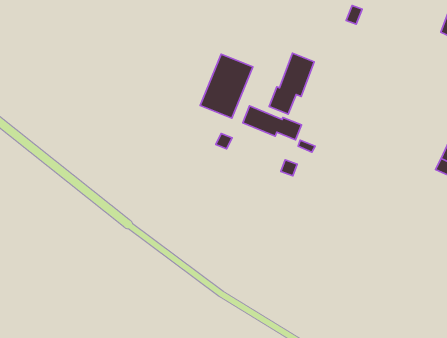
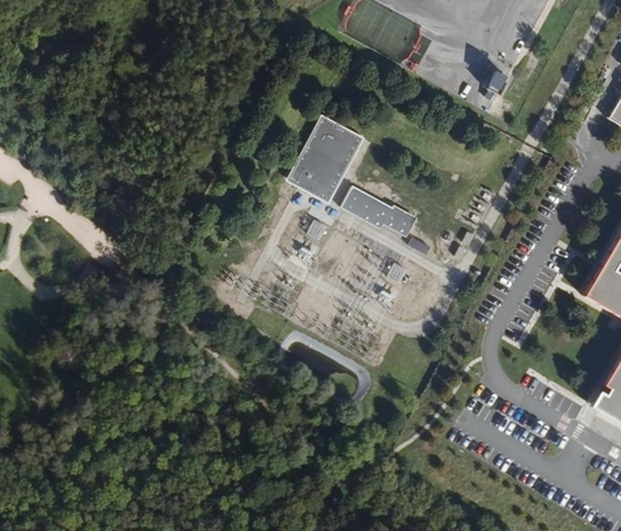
building: [269,53,314,114] -> none

